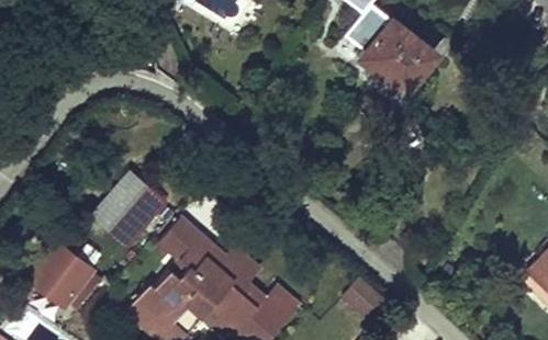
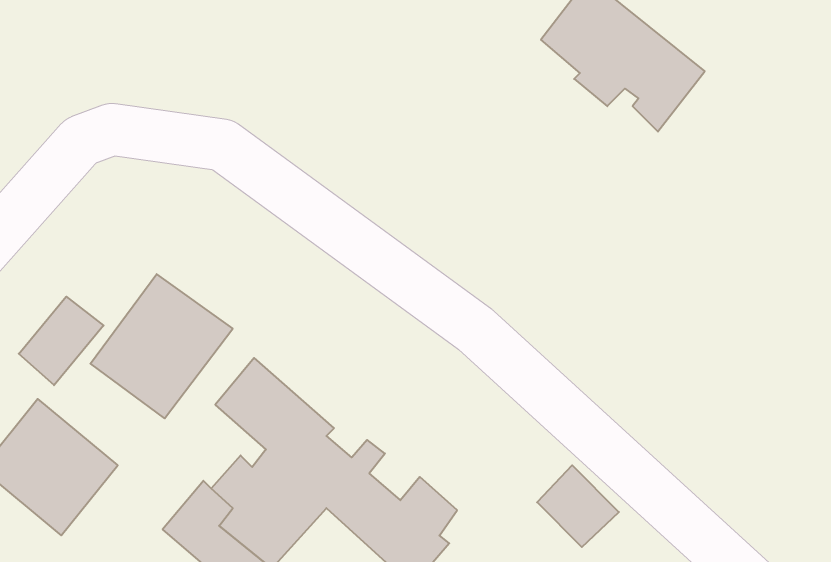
building: none -> [19,297,104,385]

